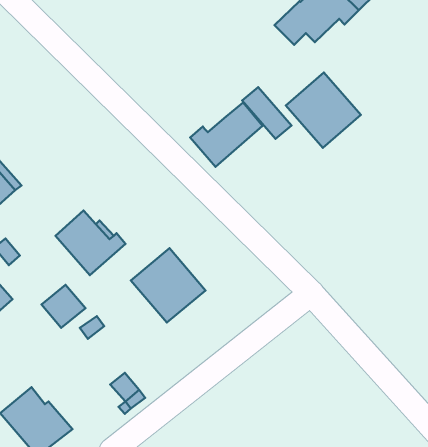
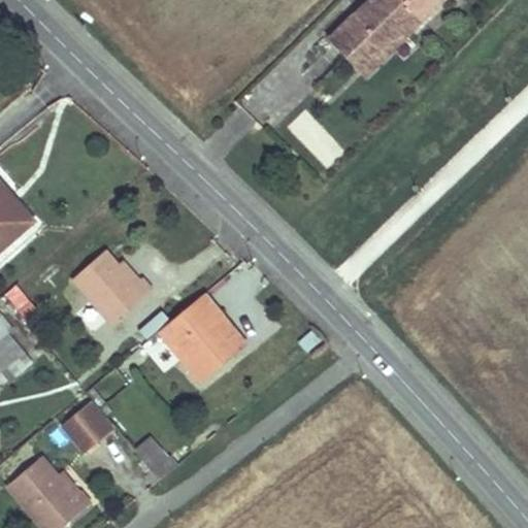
building: [286,73,361,148] -> none
building: [190,103,263,167] -> none
building: [41,285,85,328] -> [63,403,113,453]

